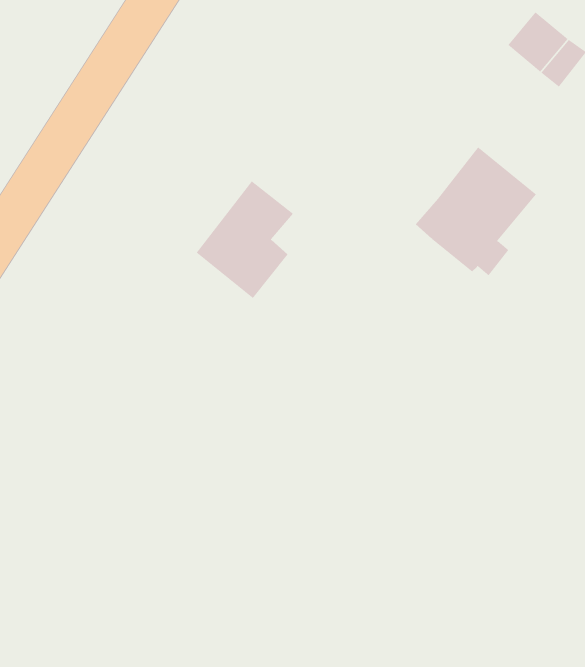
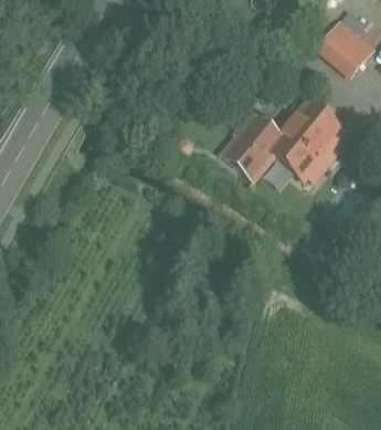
building: [196,180,294,299] -> [224,114,283,185]

